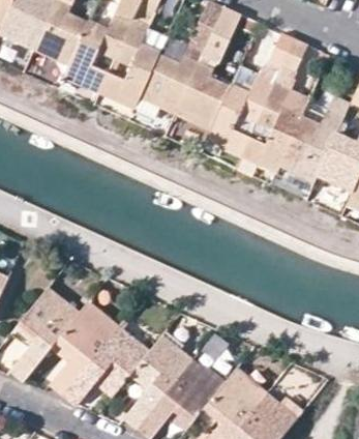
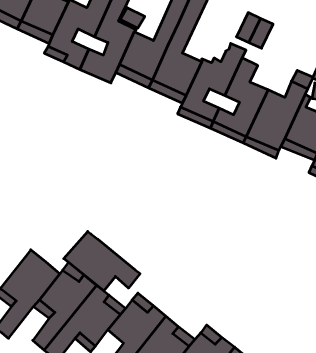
building: none -> [64,231,140,291]

